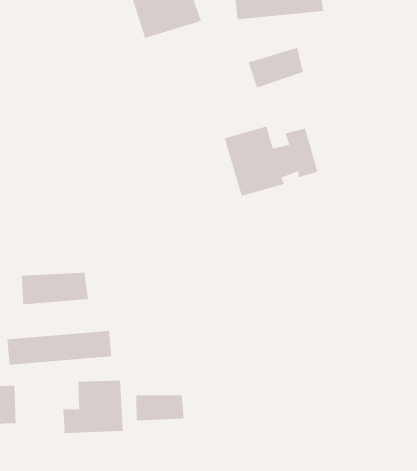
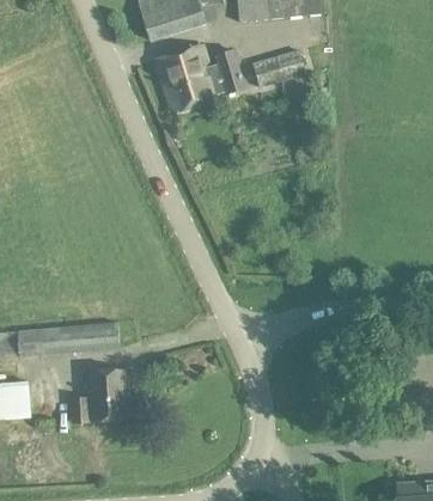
building: [224,126,318,197] -> [157,44,248,112]
building: [21,272,89,305] -> none
building: [136,395,184,421] -> none

